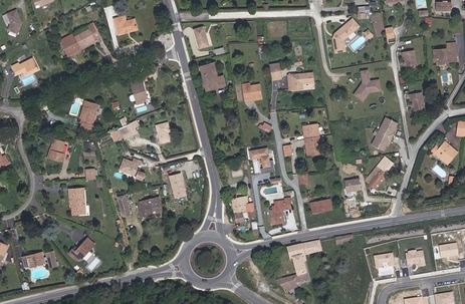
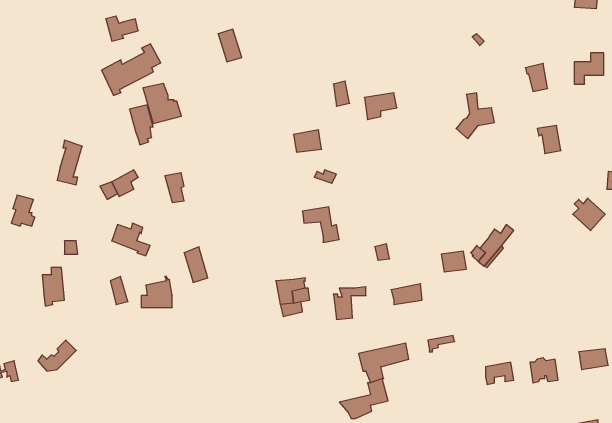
building: [333,18,360,51] -> none
building: [59,23,99,58] -> [102,44,161,95]
building: [199,63,225,90] -> [143,84,181,124]
building: [371,117,397,150] -> none
building: [304,121,322,155] -> none

